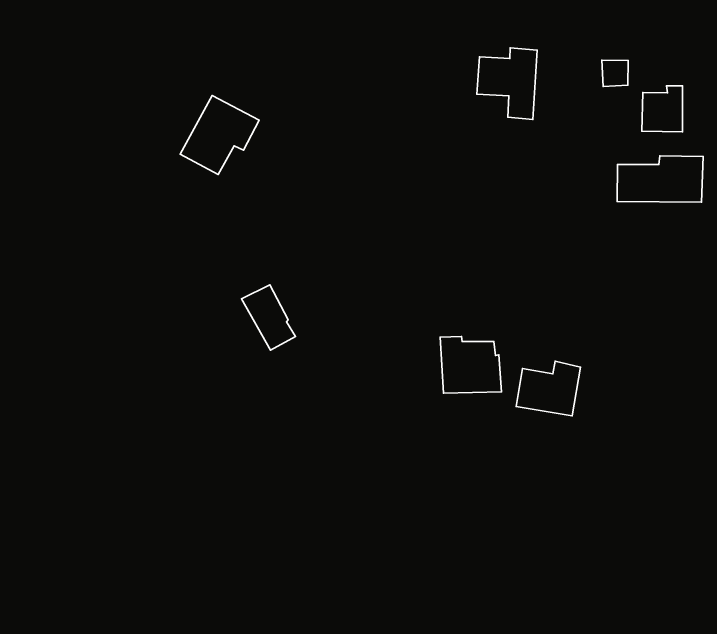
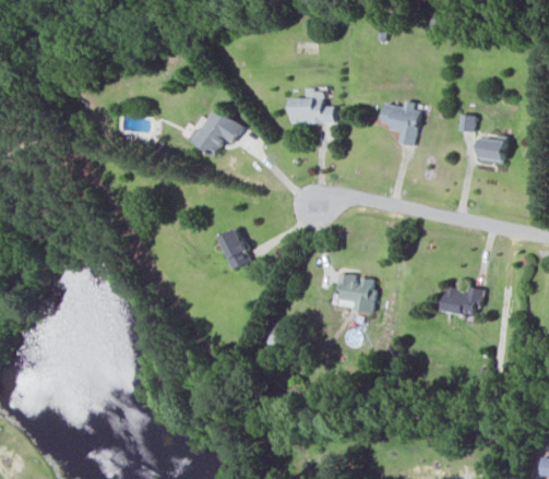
building: none -> [289,88,332,124]
building: [617,156,703,202] -> none
building: [516,361,580,416] -> [440,284,482,319]

